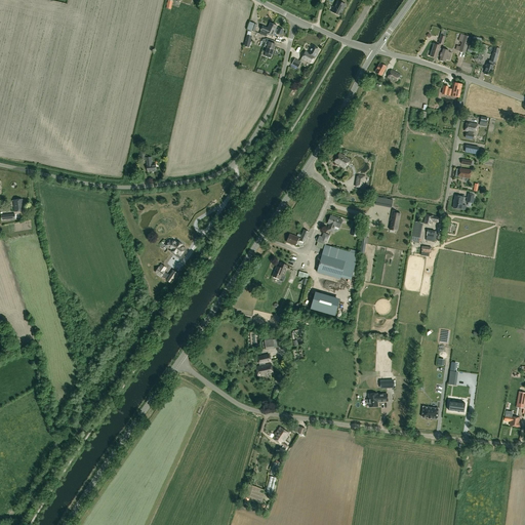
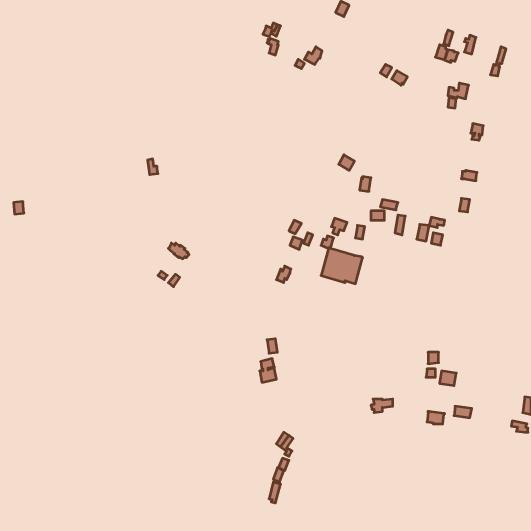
building: [311,293,339,316] -> none

